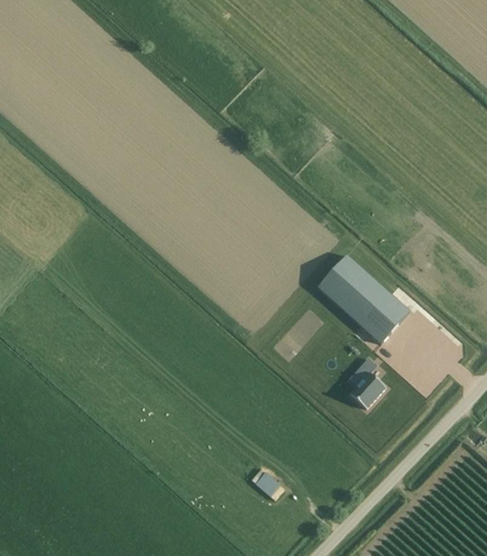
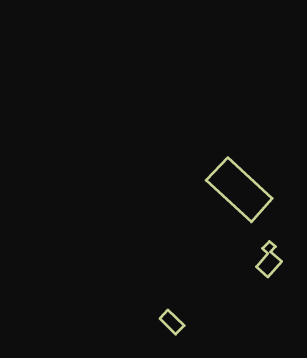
building: [349,359,384,408] -> [256,241,282,277]

